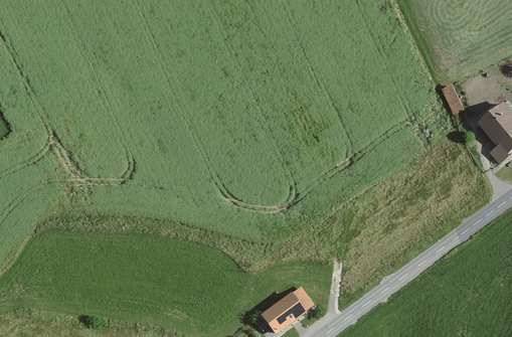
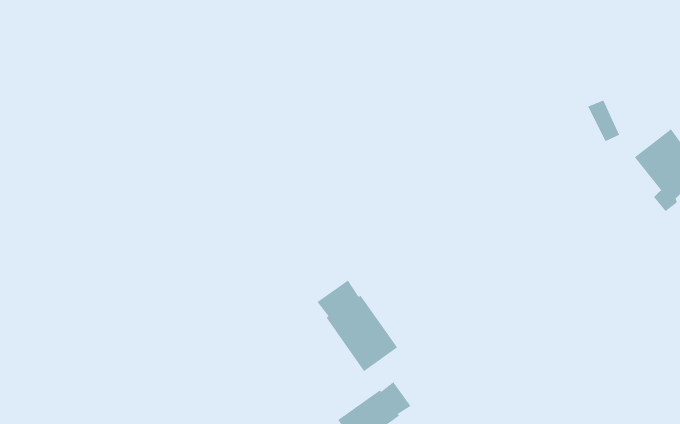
building: none -> [317,280,398,372]

